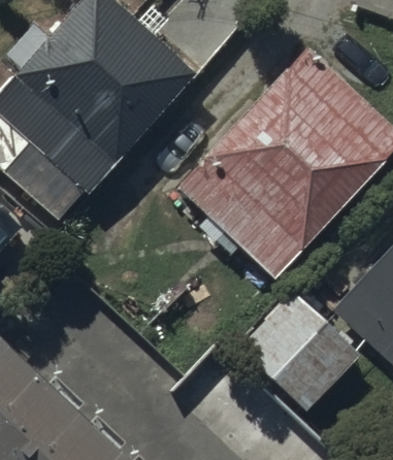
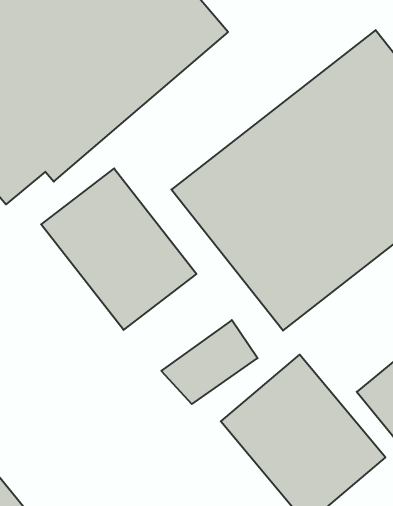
building: none -> [41,168,196,330]

